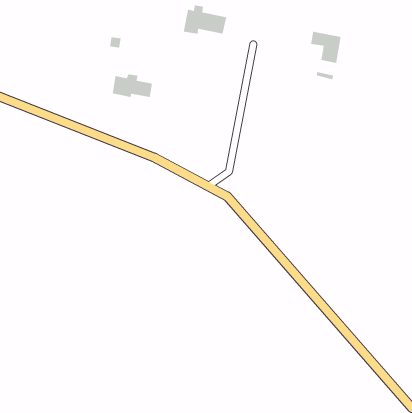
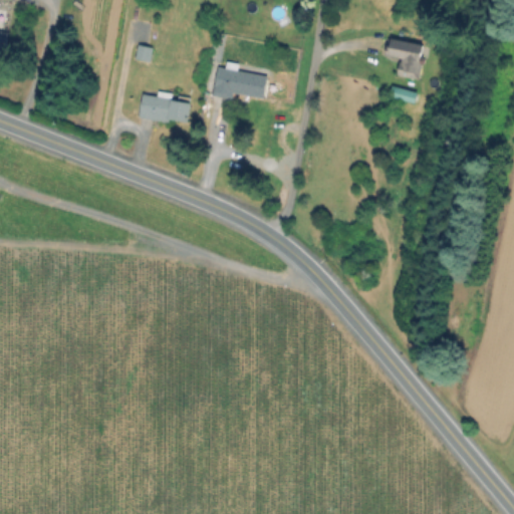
building: [183,5,227,34] -> [212,61,267,98]

